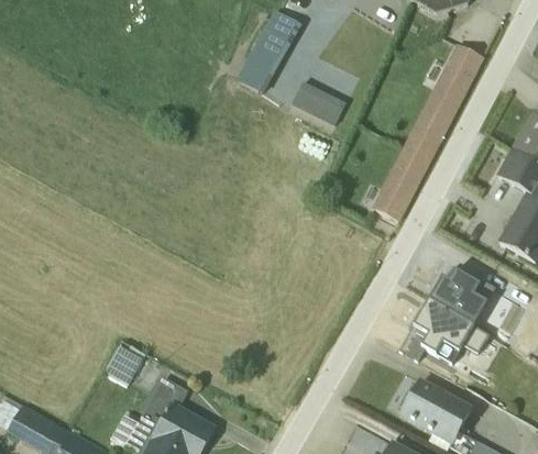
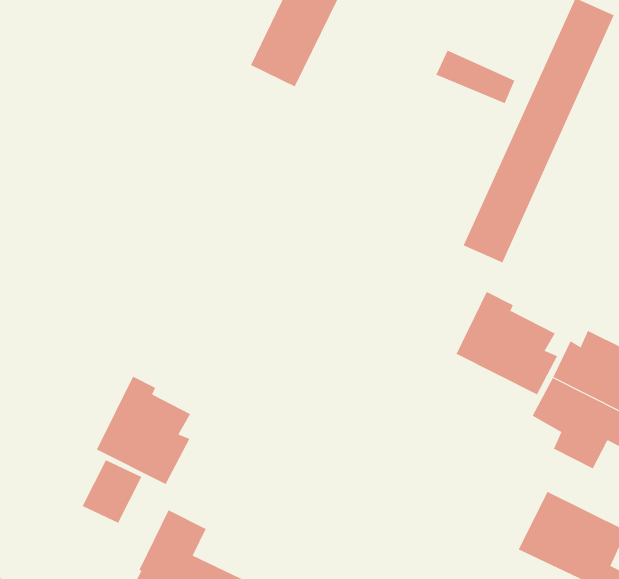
building: [294,79,348,118] -> [435,50,515,104]
building: none -> [456,291,558,395]
building: none -> [96,376,191,485]

